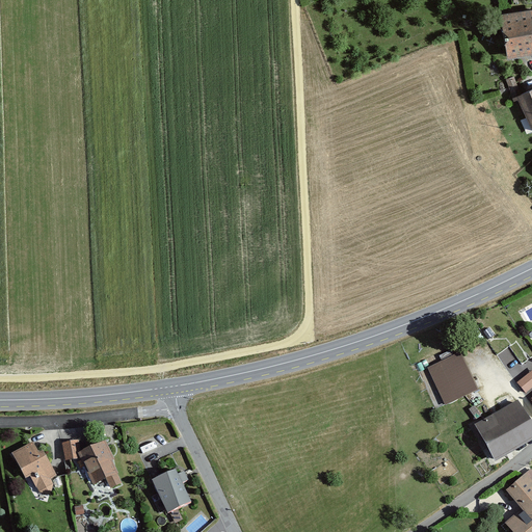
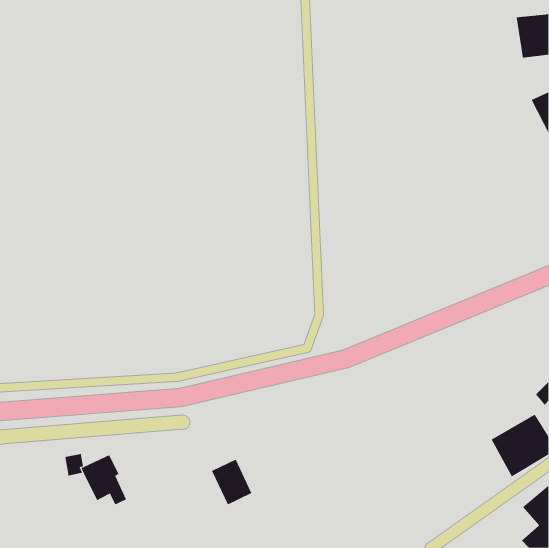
building: [428,351,479,404] -> none
building: [12,442,57,495] -> none
building: [152,469,191,513] -> [211,459,252,505]

